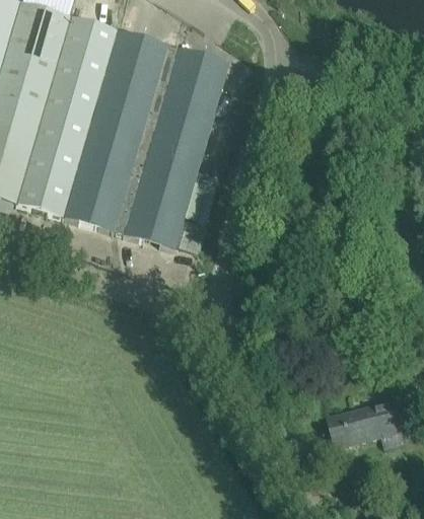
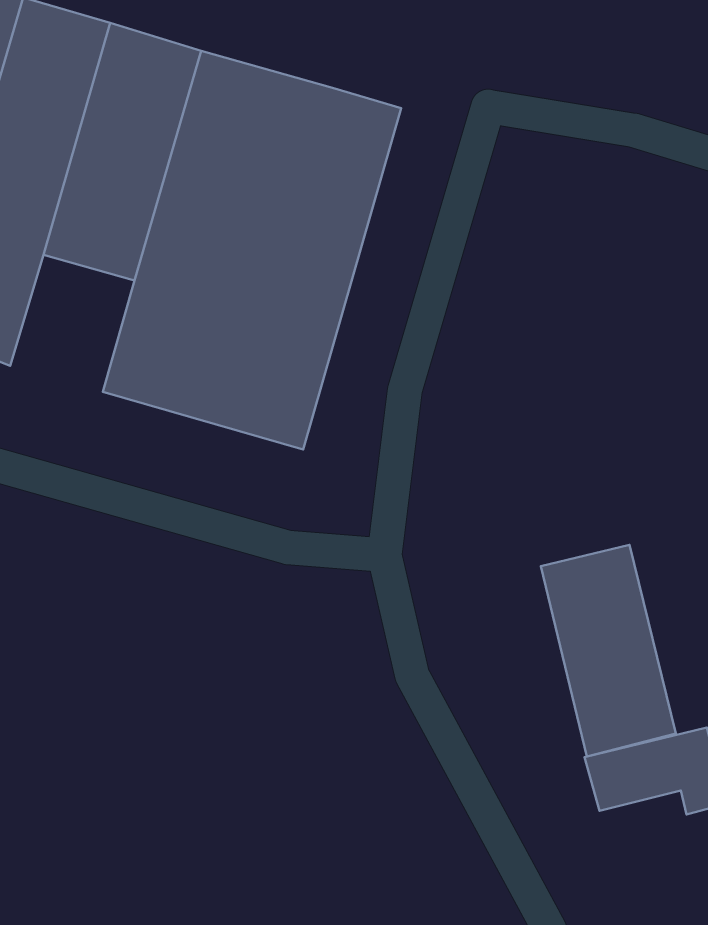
building: [13,141,81,216] -> none
building: none -> [541,545,676,757]

